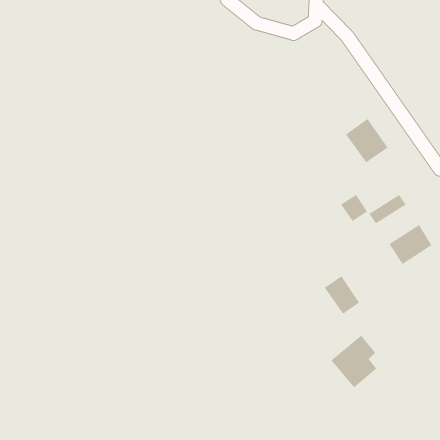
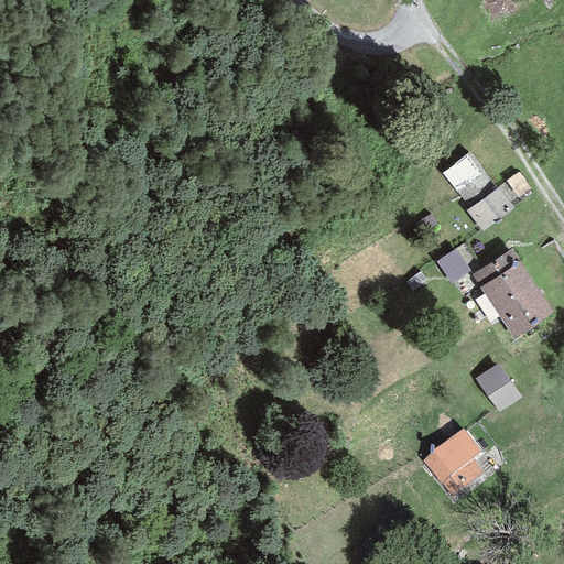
building: none -> [466,186,514,231]
building: none -> [480,261,536,312]
building: [324,276,360,314] -> [475,362,521,412]

